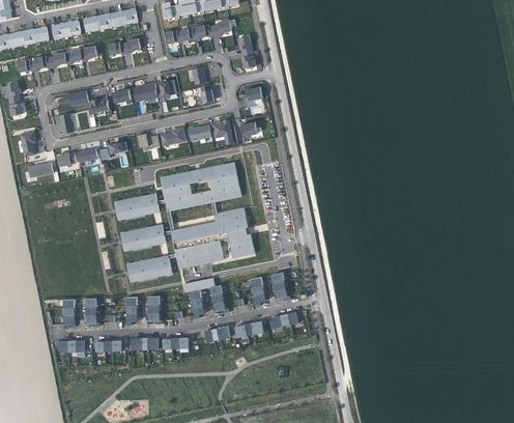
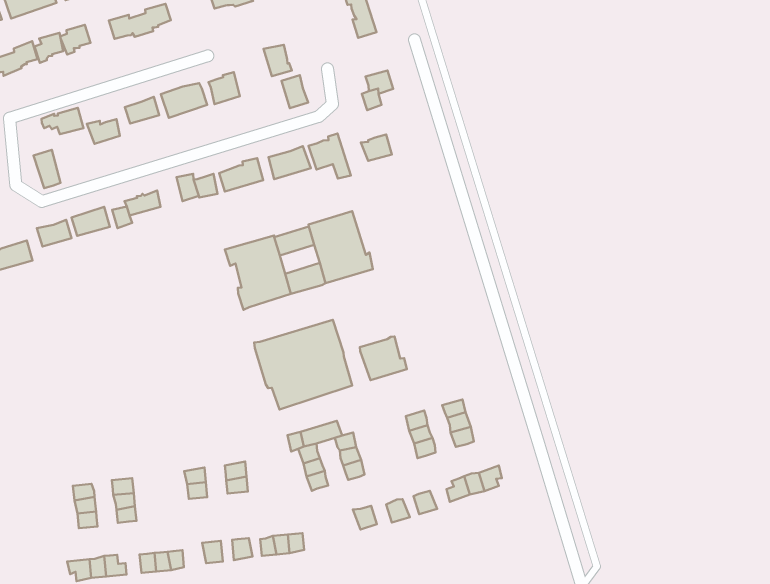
building: [116,193,159,220] -> none
building: [213,207,248,241] -> none
building: [122,224,165,251] -> none
building: [128,255,171,282] -> none

